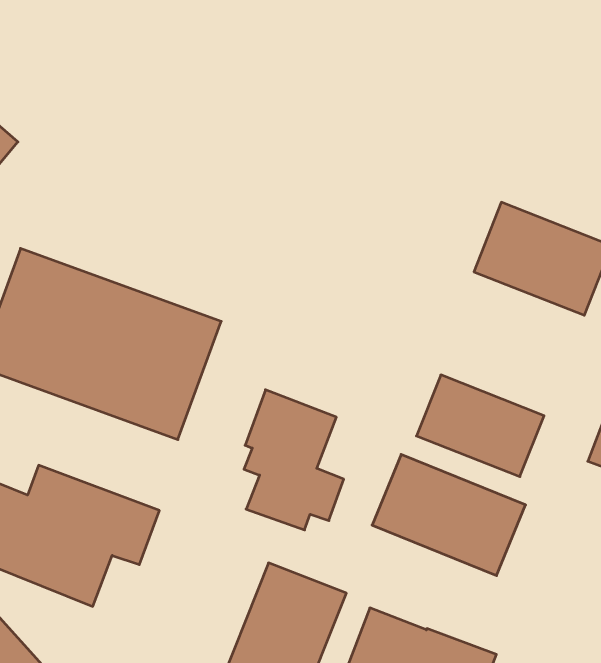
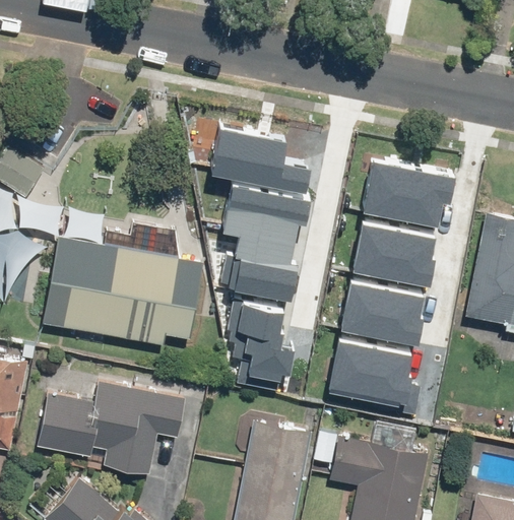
building: none -> [213,131,312,196]
building: none -> [219,194,309,307]
building: none -> [352,214,438,272]

